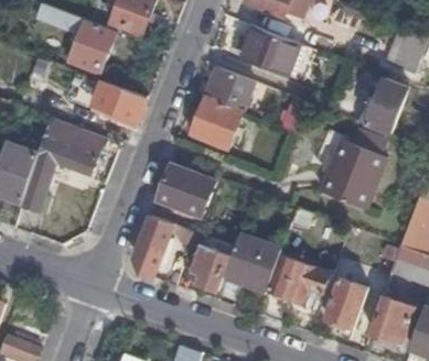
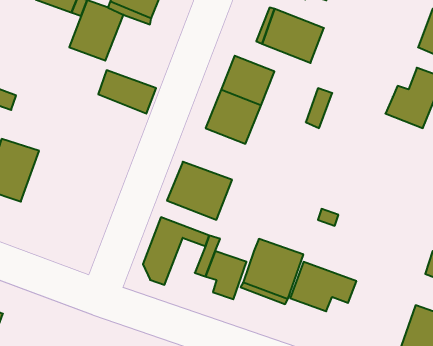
building: [21,117,105,212] -> none
building: [318,140,384,209] -> none
building: [324,277,367,327] -> none

